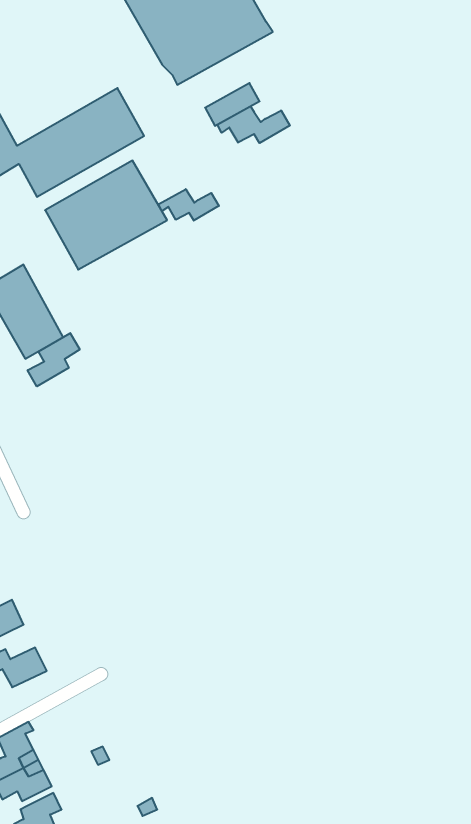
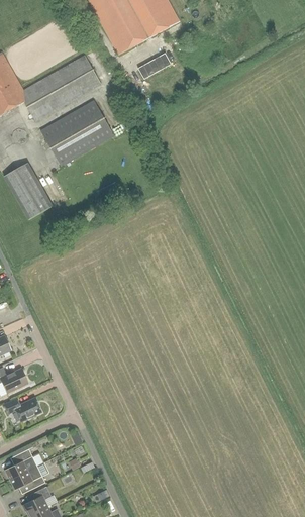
building: [218,106,290,143] -> none
building: [159,189,219,221] -> none
building: [28,333,80,386] -> none

